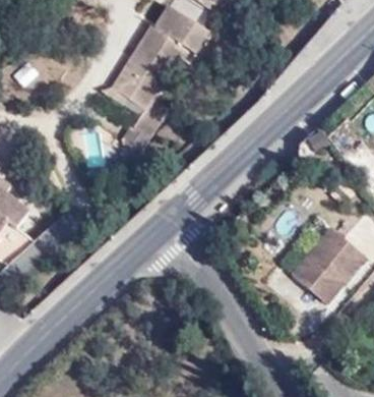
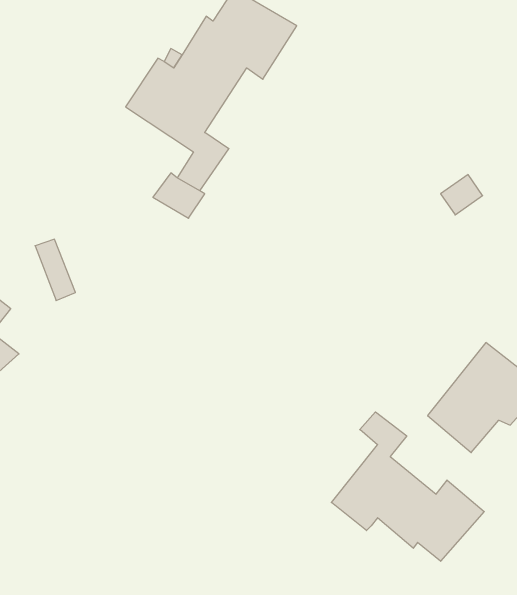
building: none -> [331,412,484,561]

